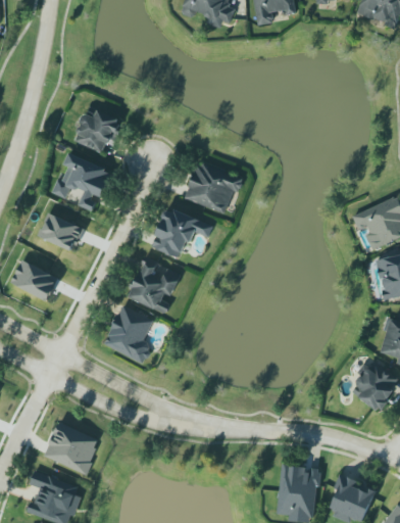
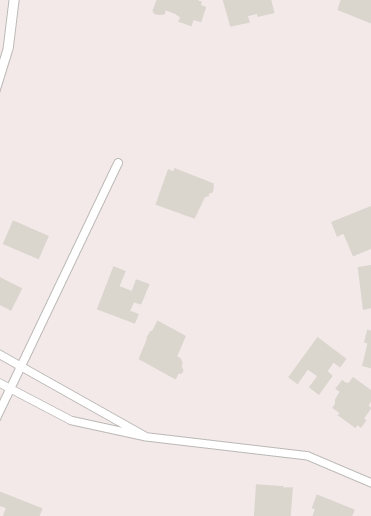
building: [76,112,122,152] -> none
building: [51,153,112,213] -> none
building: [151,206,212,257] -> none
building: [105,304,152,363] -> [138,320,187,381]
building: none -> [287,336,347,396]
building: [44,422,101,474] -> none

